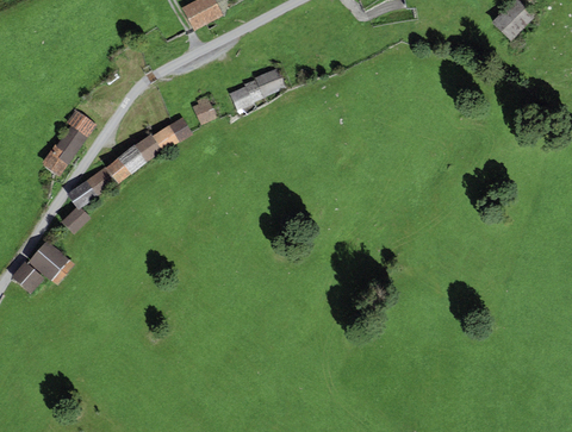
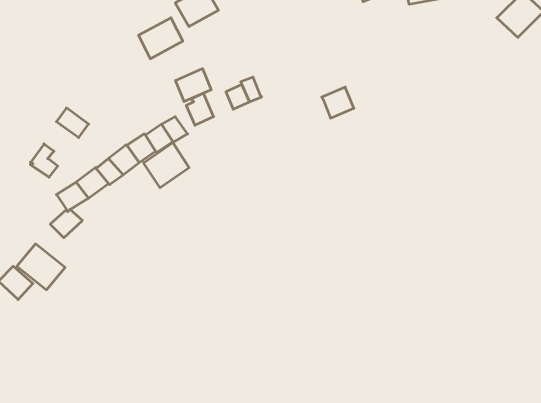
building: none -> [139,18,183,59]
building: [255,67,286,96] -> [322,87,354,118]
building: none -> [176,69,211,102]
building: [56,125,88,164] -> none
building: none -> [144,143,189,188]

